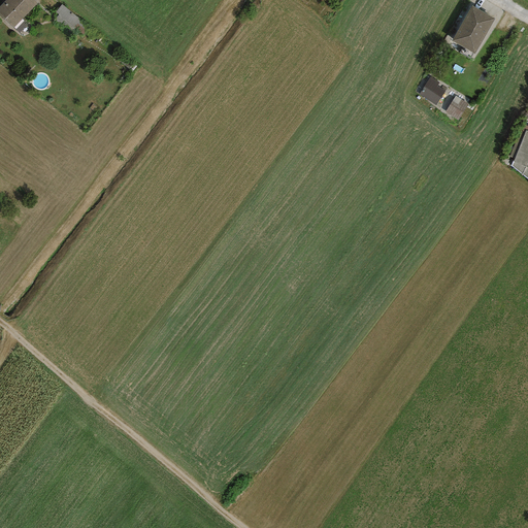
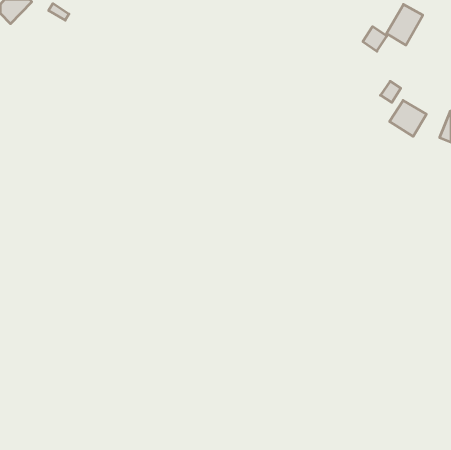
building: [419,76,447,105] -> [363,27,387,51]
building: none -> [390,100,426,136]

